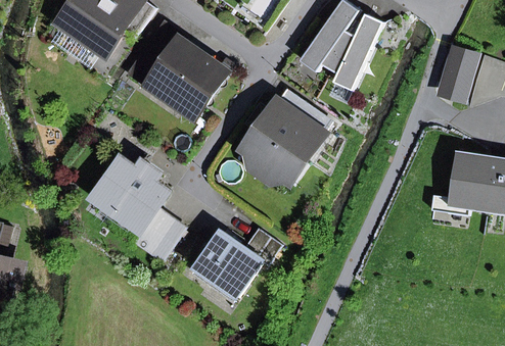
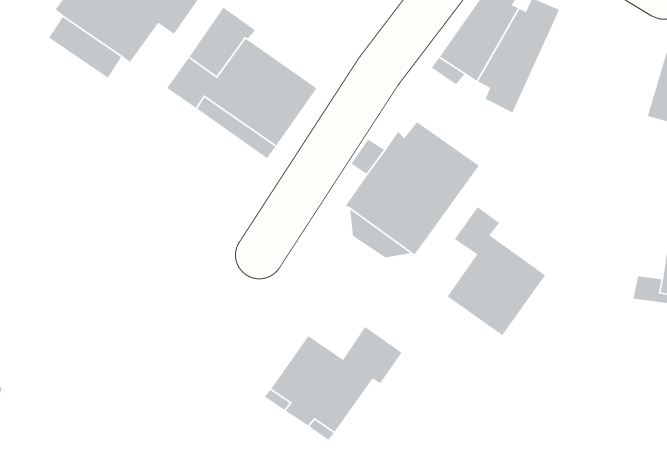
building: none -> [447,206,546,336]
building: [95,159,183,258] -> none

